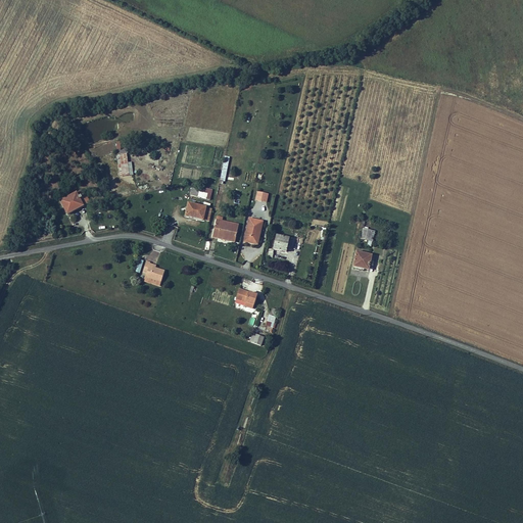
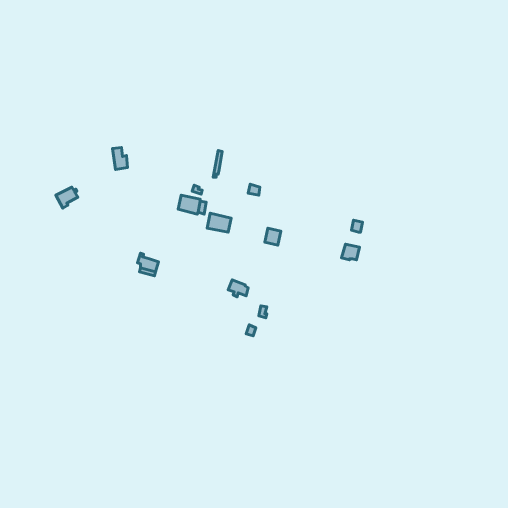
building: [243,217,264,244] -> none

